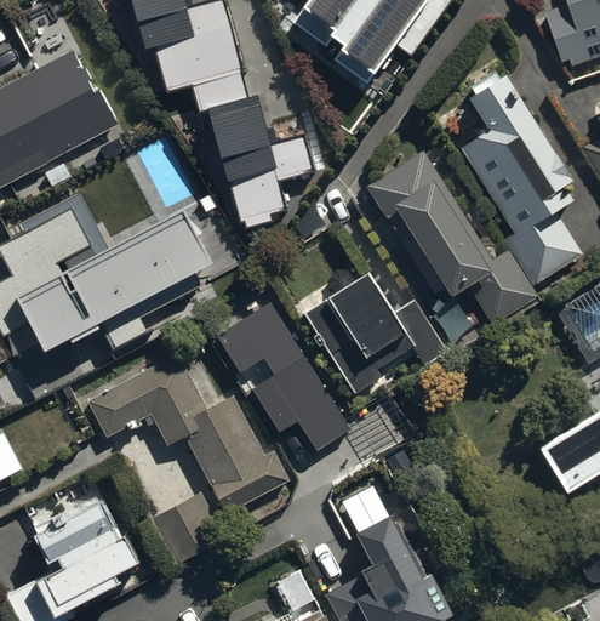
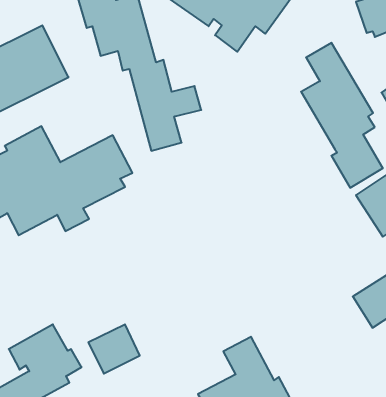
building: [367,150,536,324] -> none
building: [304,268,447,395] -> none
building: [216,303,353,455] -> none
building: [87,353,290,512] -> none

